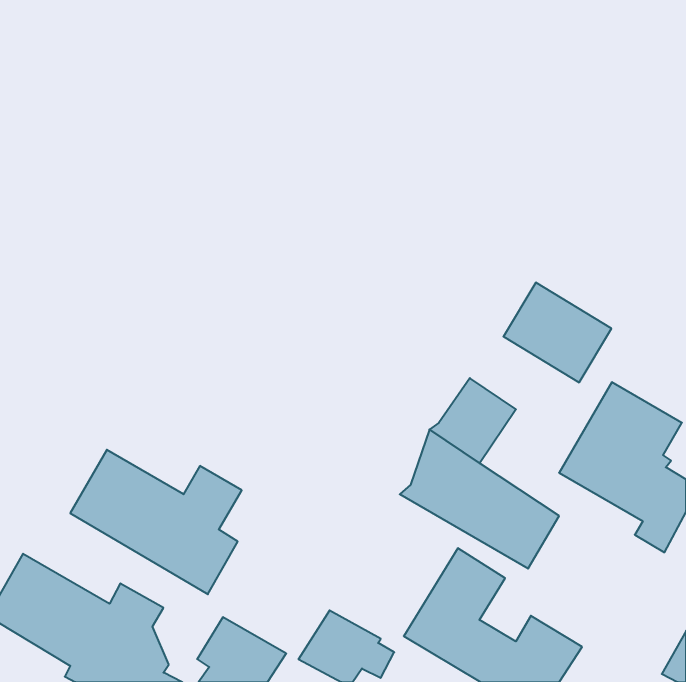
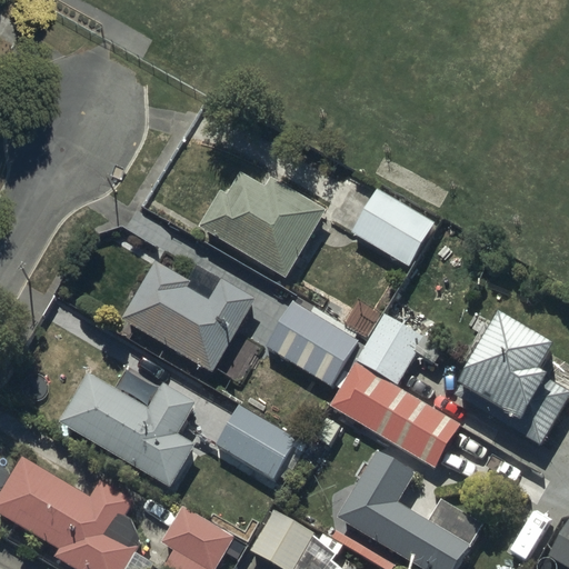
building: none -> [199,172,327,278]
building: [503,283,611,382] -> [347,187,436,269]
building: none -> [123,257,258,370]
building: none -> [261,299,361,399]
building: none -> [220,408,302,481]

